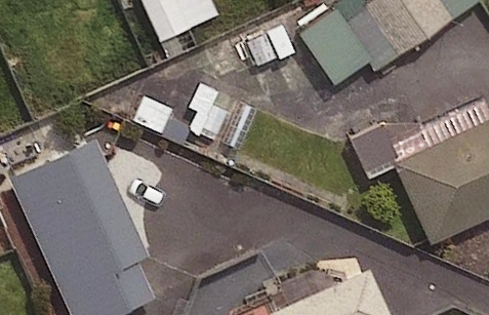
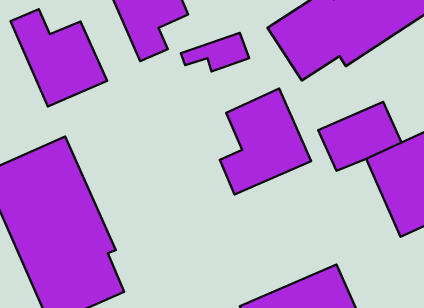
building: none -> [11,9,107,107]
building: none -> [220,88,311,195]

